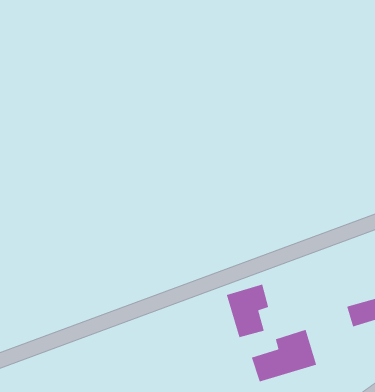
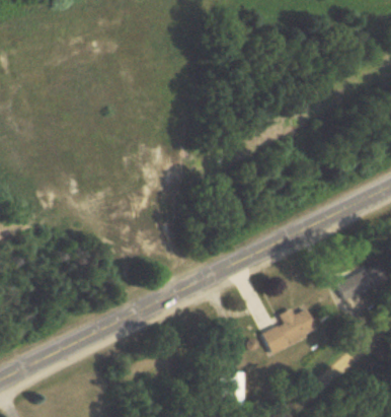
building: [226,283,269,338] -> none

